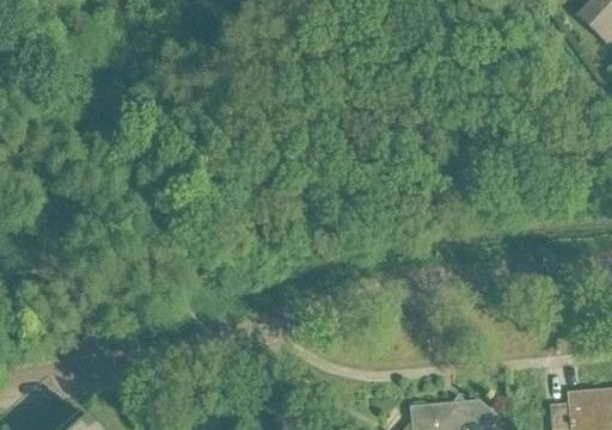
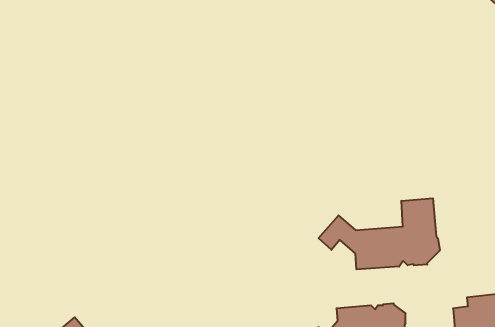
building: none -> [319,198,440,269]

